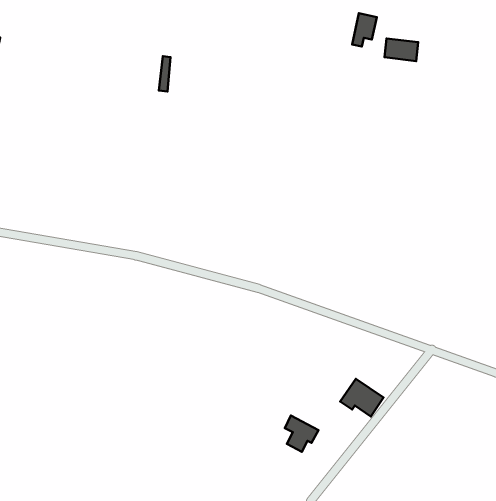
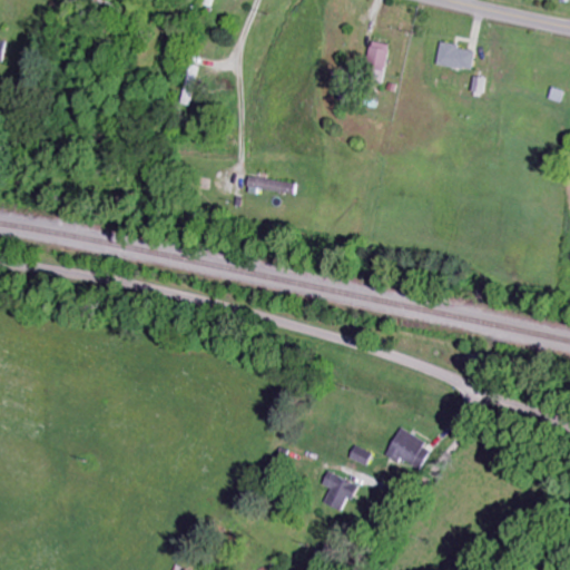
building: [352,13,377,47] -> [361,40,389,78]
building: none -> [243,176,292,194]

